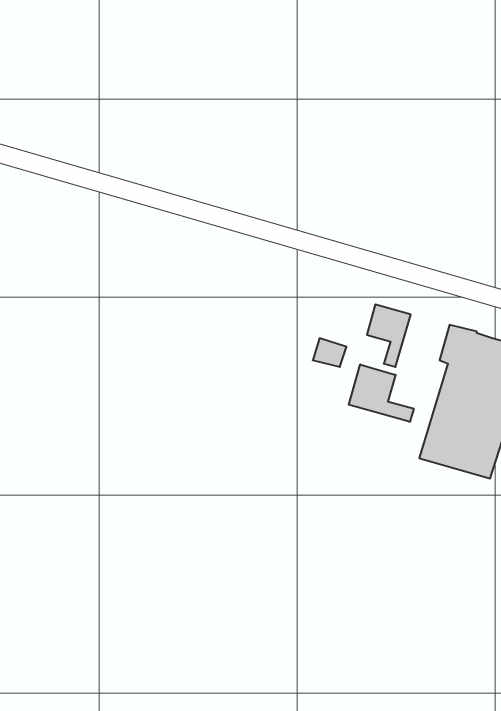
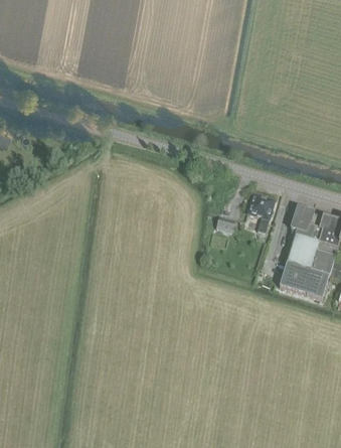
building: [349,364,414,422] -> none

